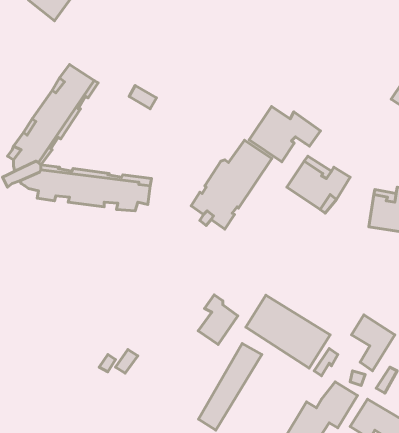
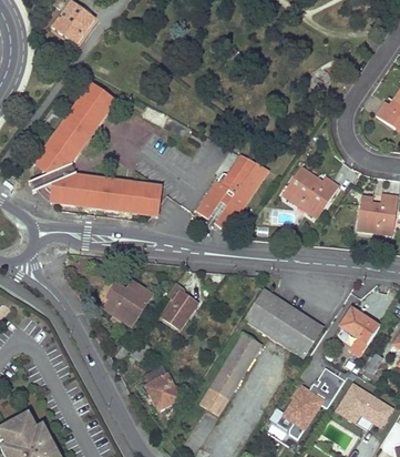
building: [249,106,321,162] -> none
building: none -> [104,281,152,325]
building: [198,295,238,344] -> [161,283,196,327]
building: none -> [146,365,178,408]

